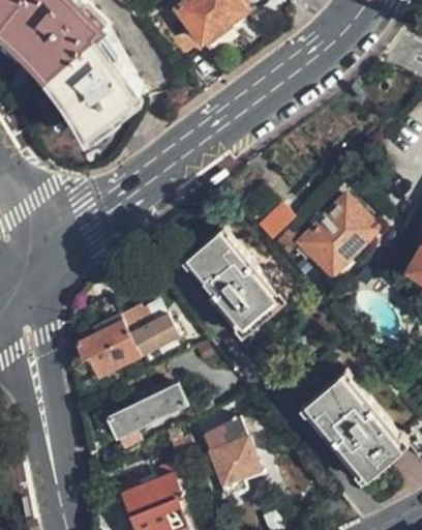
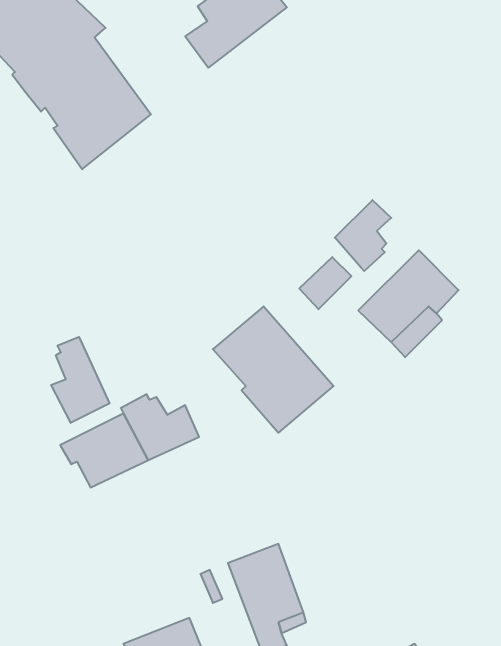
building: none -> [335,200,391,271]
building: none -> [51,337,109,423]
building: [305,379,401,476] -> none
building: [107,384,185,439] -> none

